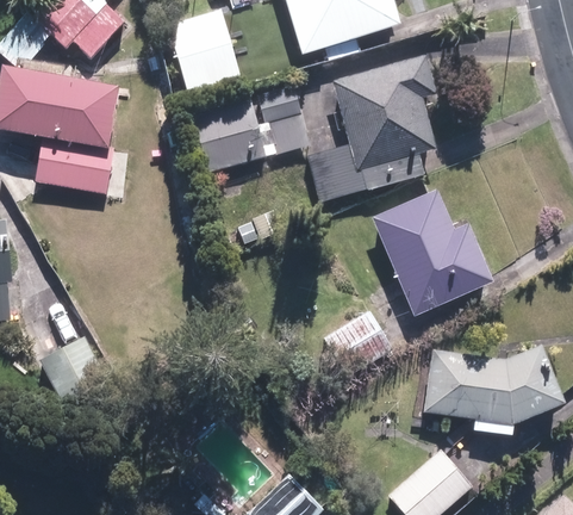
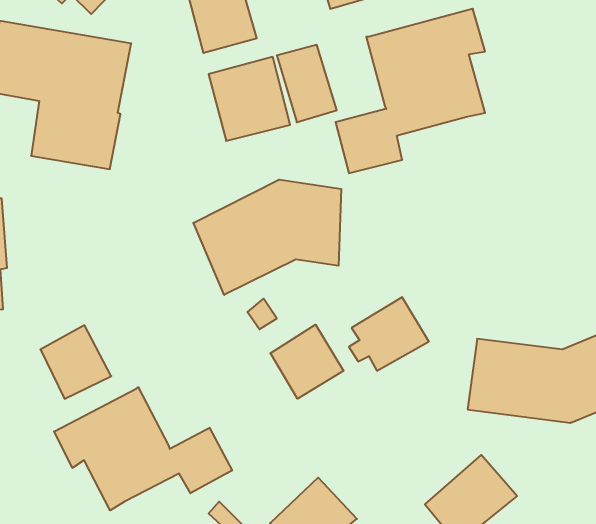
building: [372,187,494,315] -> none
building: none -> [193,180,341,295]
building: none -> [270,325,344,399]
building: none -> [54,387,232,510]

